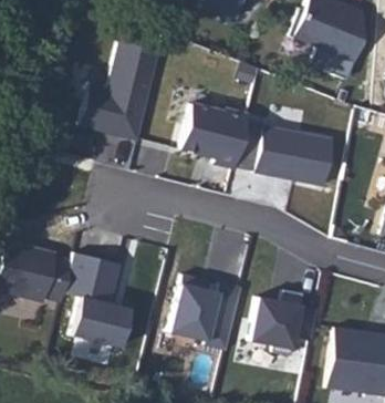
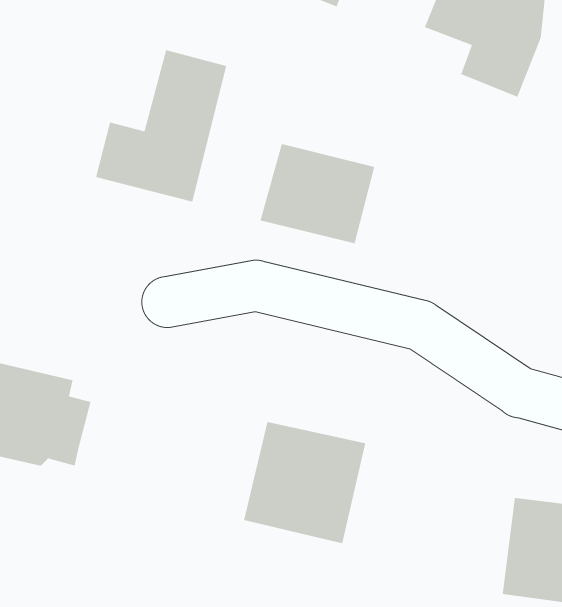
building: [240,121,337,188] -> none
building: [71,256,135,350] -> none
building: [251,298,322,351] -> none

